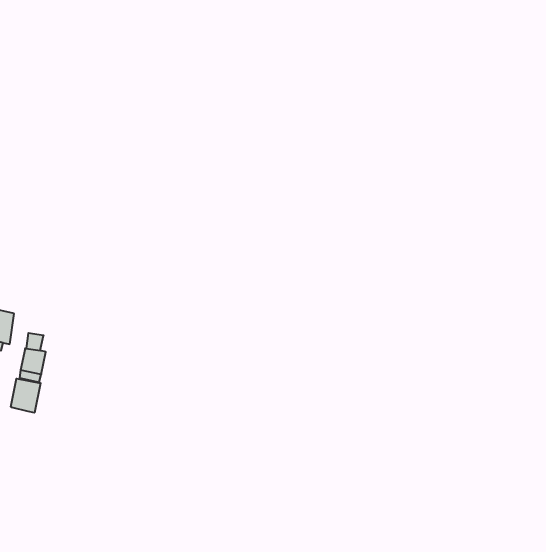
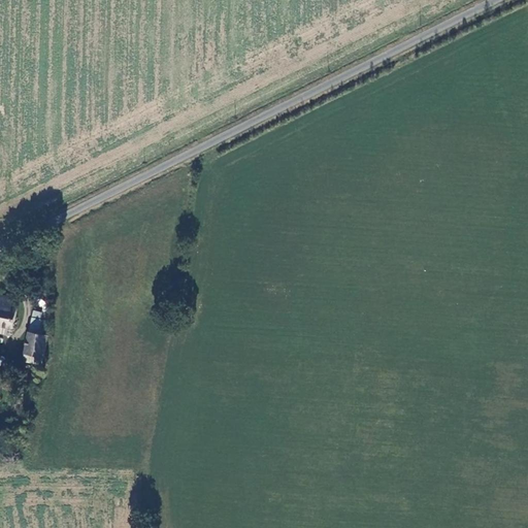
building: [11,379,41,413] -> none

